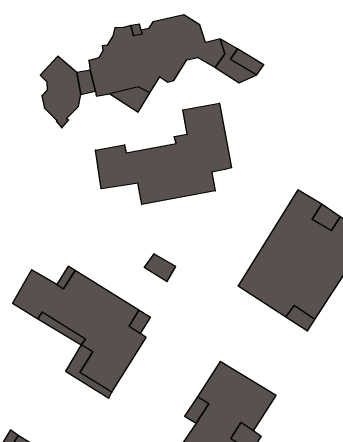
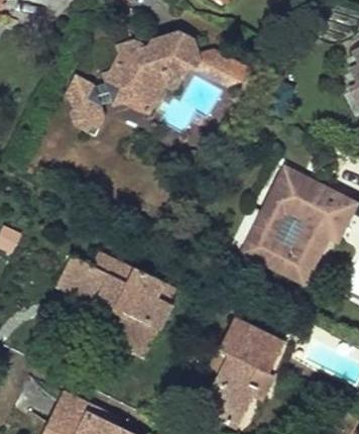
building: [96,103,232,205] -> none

